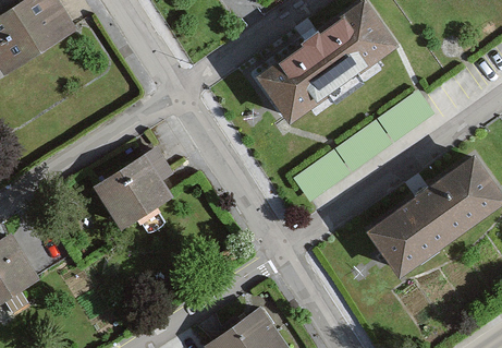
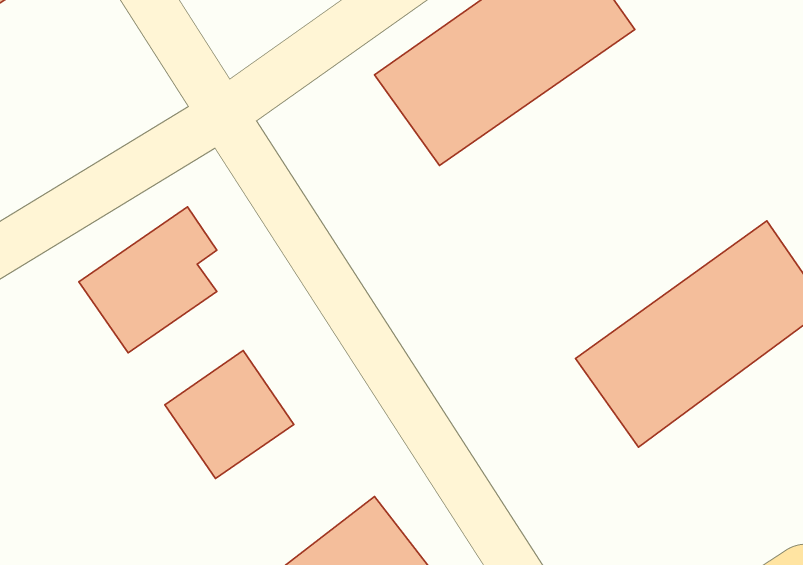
building: none -> [165,351,294,479]

